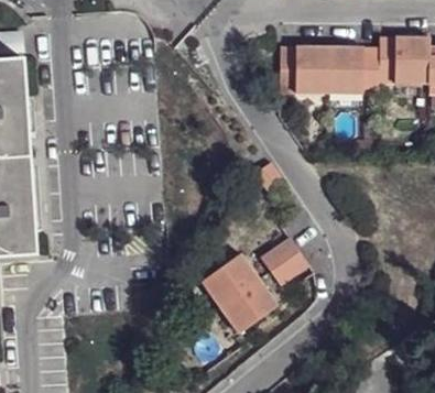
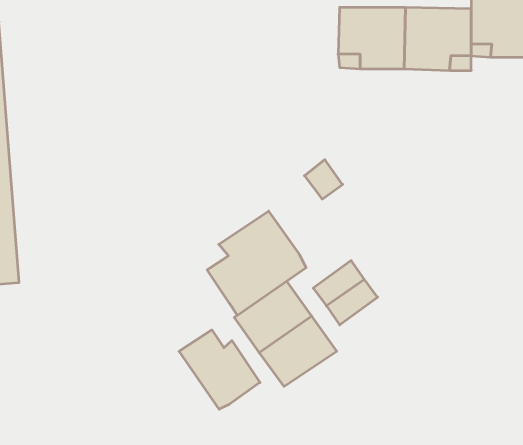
building: none -> [207,211,306,315]
building: none -> [179,330,260,409]

